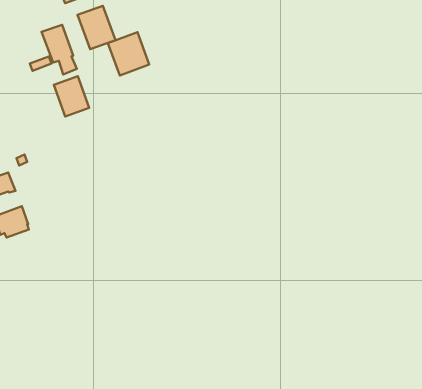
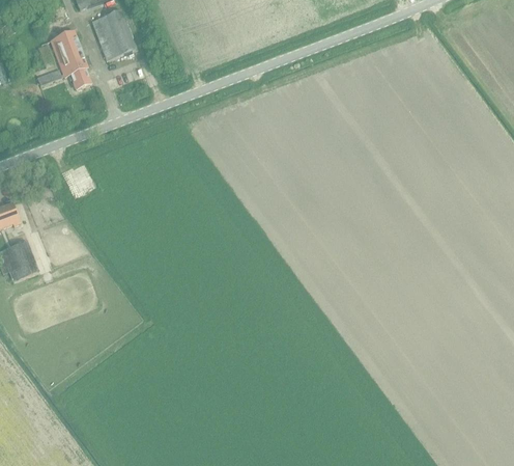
building: [108,32,149,75] -> none
building: [54,76,89,117] -> none

